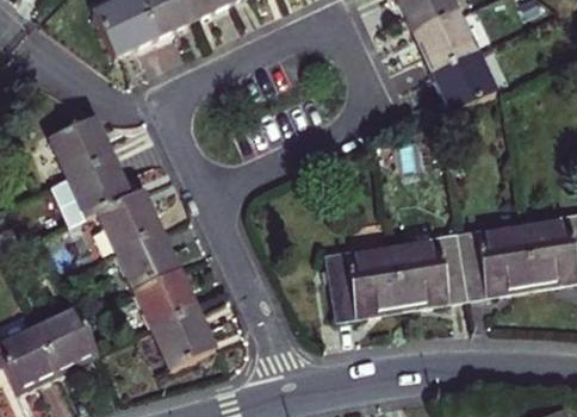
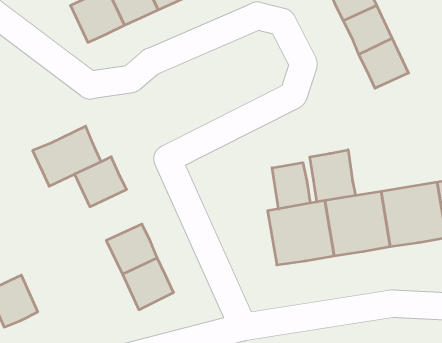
building: [52,117,112,174] -> none
building: none -> [310,150,356,202]
building: none -> [272,163,310,209]
building: [117,228,178,287] -> none
building: [37,309,98,371] -> none

